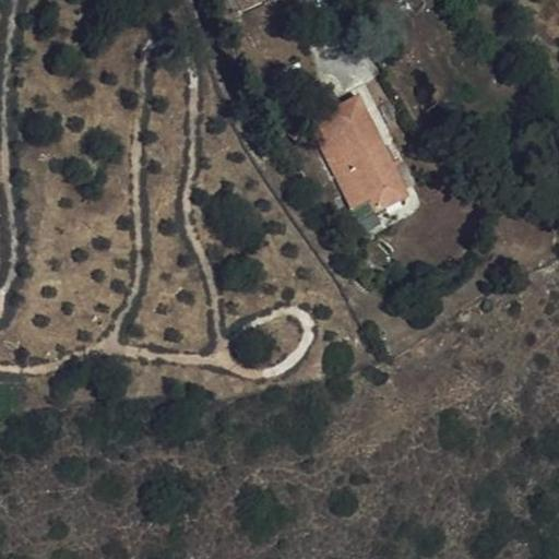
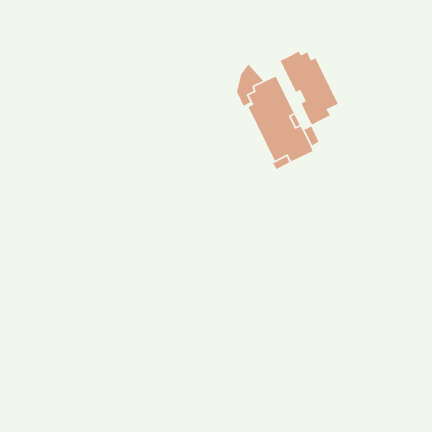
building: none -> [280,51,339,125]

